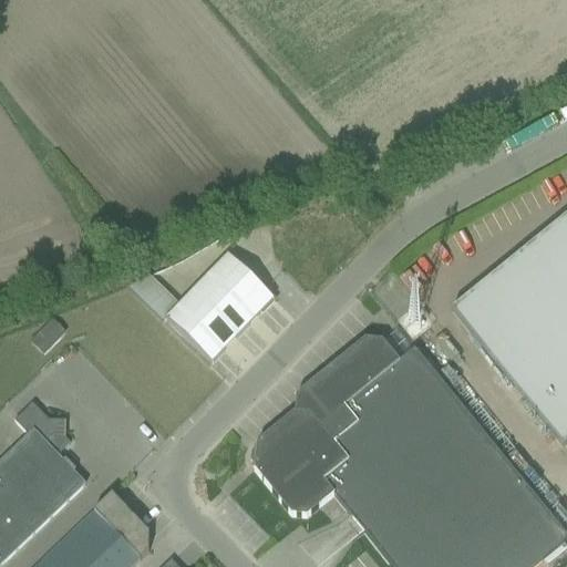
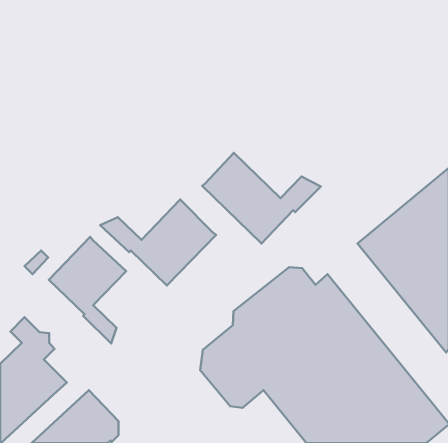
building: none -> [202,153,321,243]
building: none -> [49,237,126,343]

